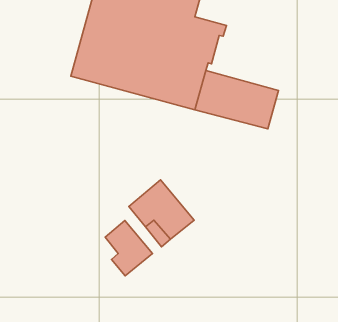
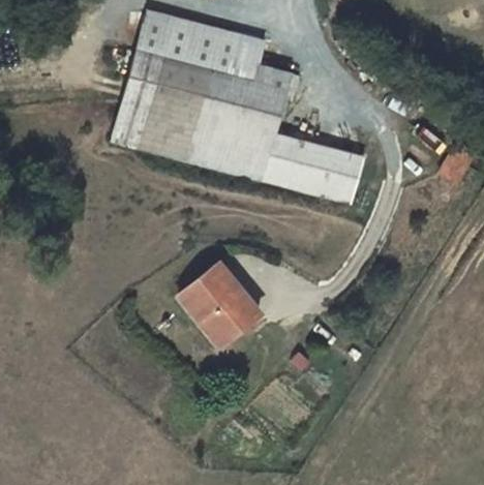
building: [105,221,152,276] -> none

